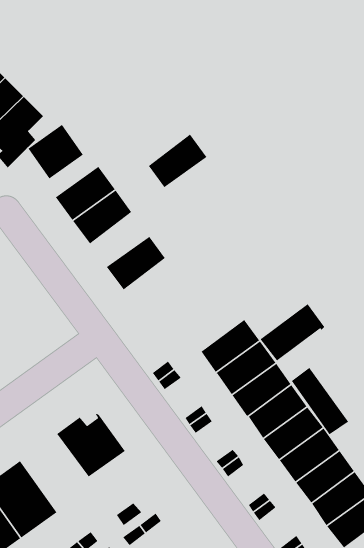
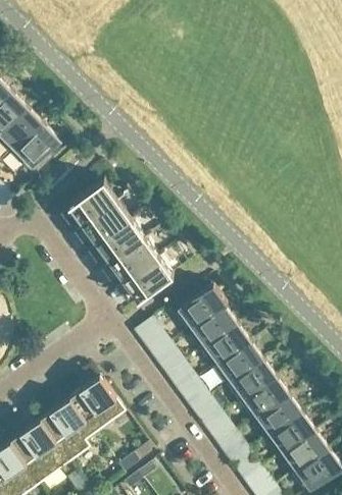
building: [28,124,84,179] -> none
building: [148,133,208,188] -> [97,218,146,263]
building: none -> [125,256,174,301]
building: [259,303,325,362] -> [174,284,228,332]
building: [291,367,349,435] -> none
building: none -> [40,399,96,463]

